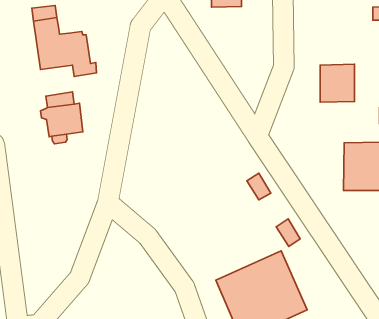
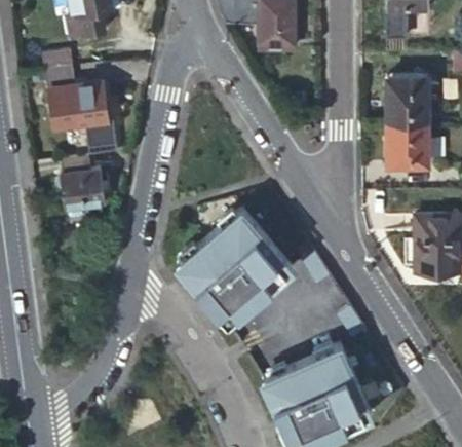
building: none -> [387,76,428,122]
building: none -> [178,208,294,322]

